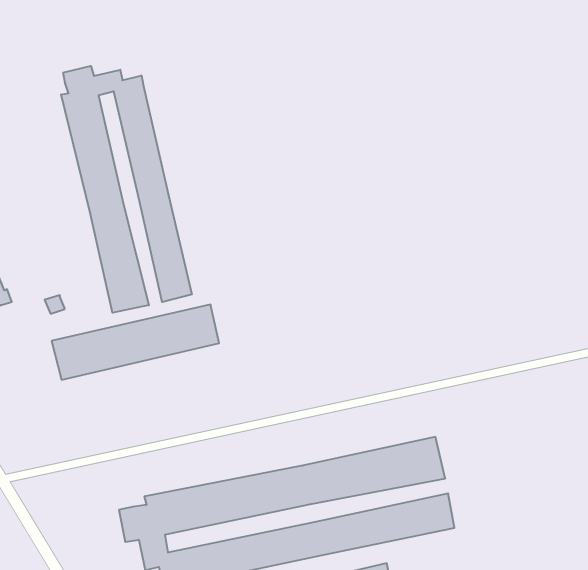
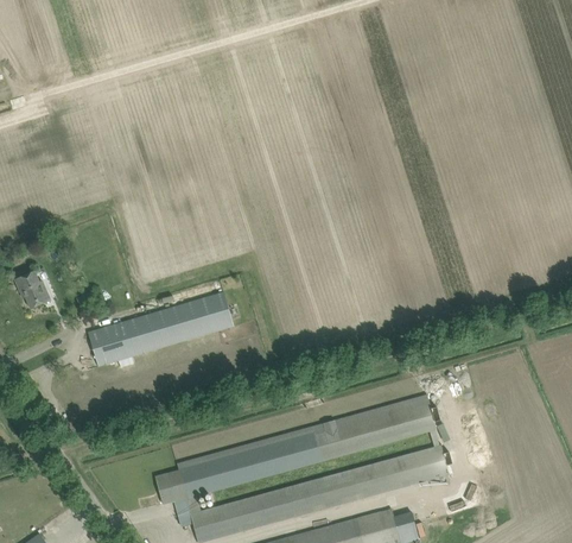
building: [61,66,192,313] -> none

